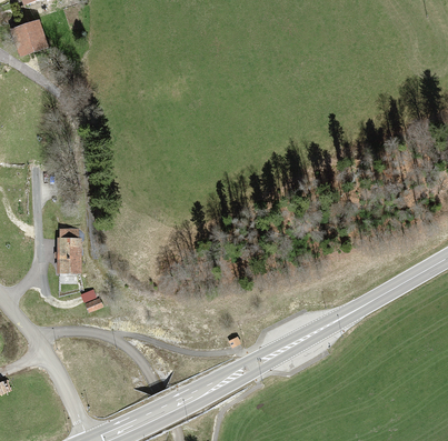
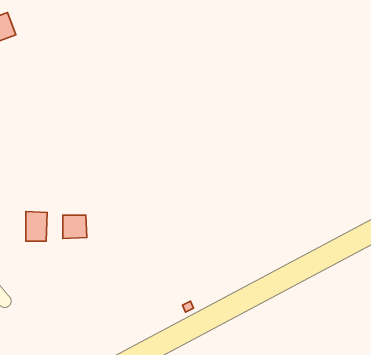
building: none -> [63,215,87,238]

